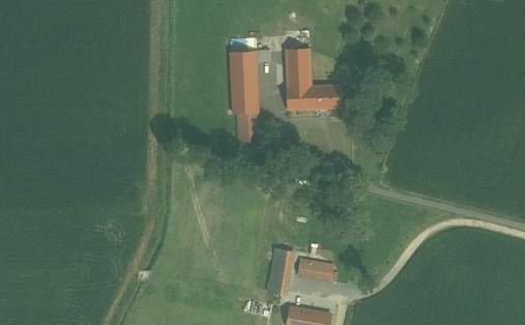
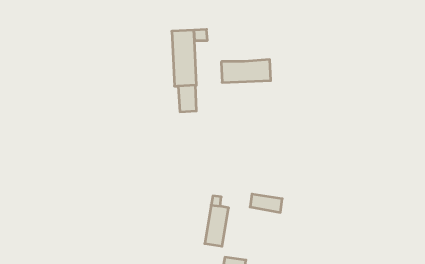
building: [284,48,311,85] -> none
building: [296,260,332,280] -> [250,194,282,212]

